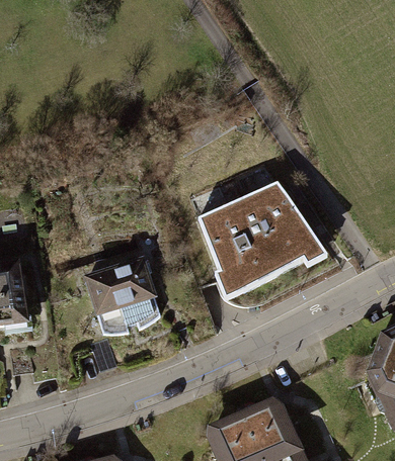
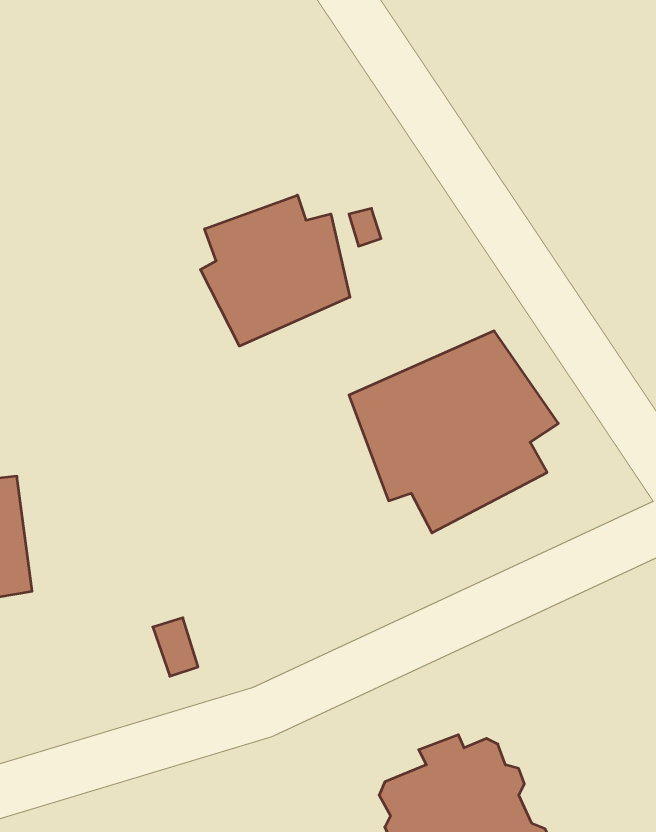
building: none -> [200,195,350,346]
building: [87,260,160,335] -> none

